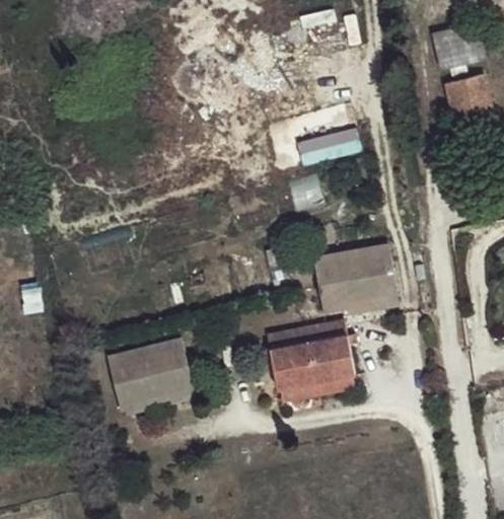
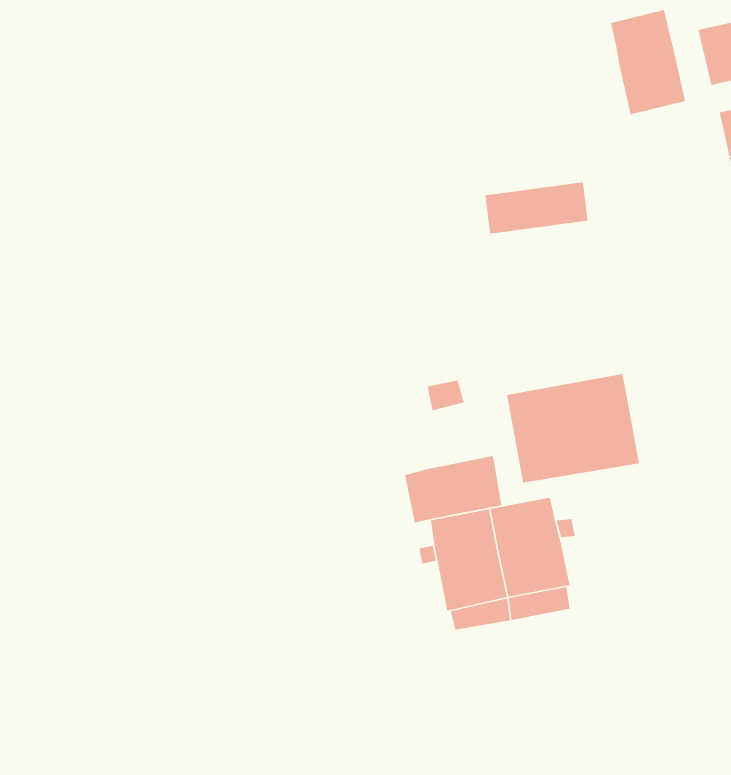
building: none -> [610,9,686,116]
building: none -> [404,455,502,523]
building: [107,338,194,410] -> none

